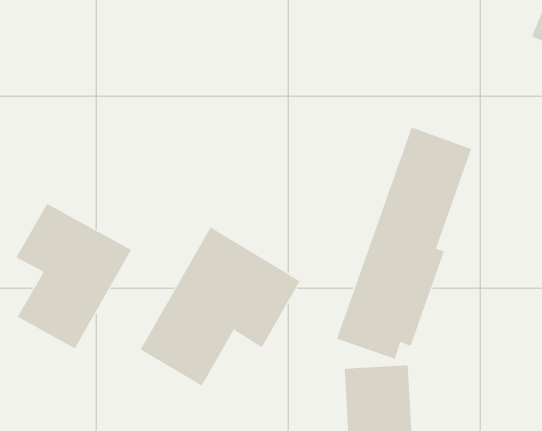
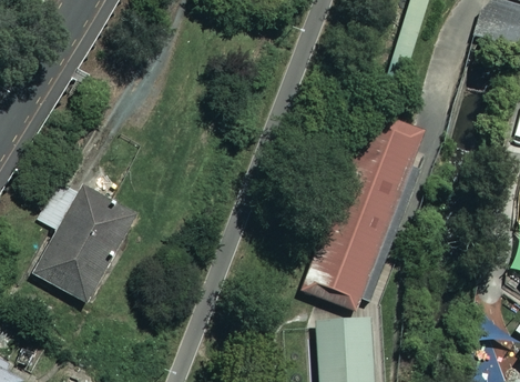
building: [140,227,300,386] -> none

